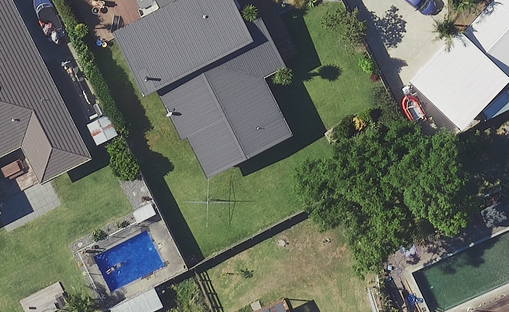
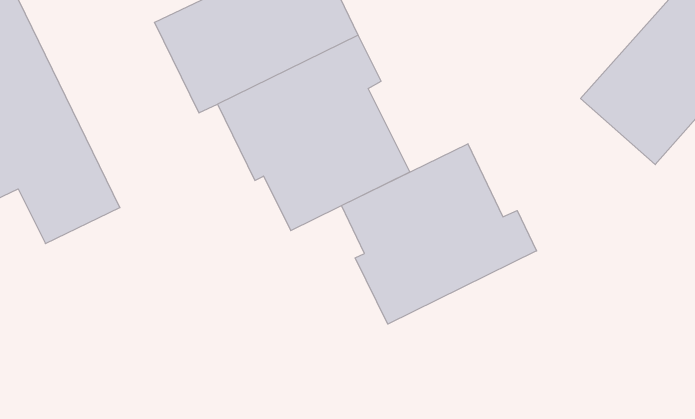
building: none -> [341,144,537,324]

